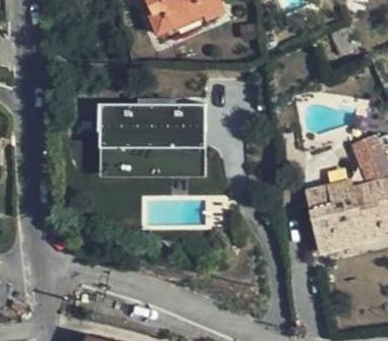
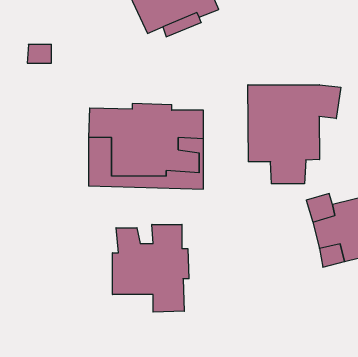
building: none -> [248,85,341,184]
building: none -> [113,224,189,312]

